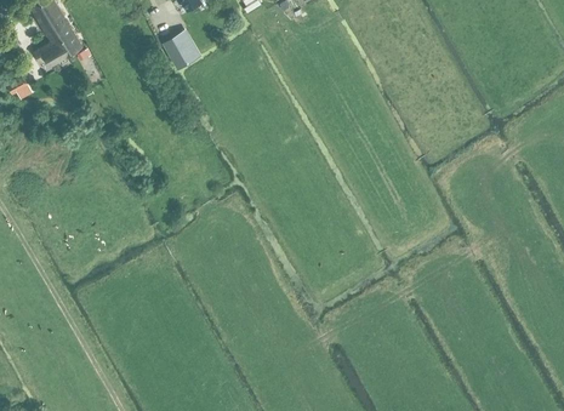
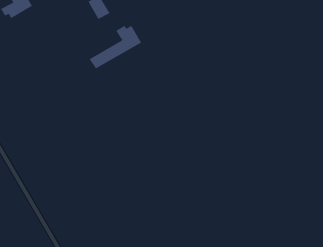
building: none -> [89,25,142,69]

